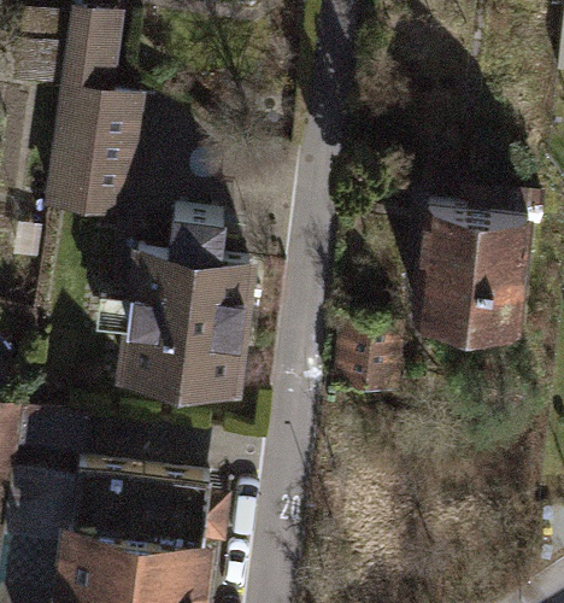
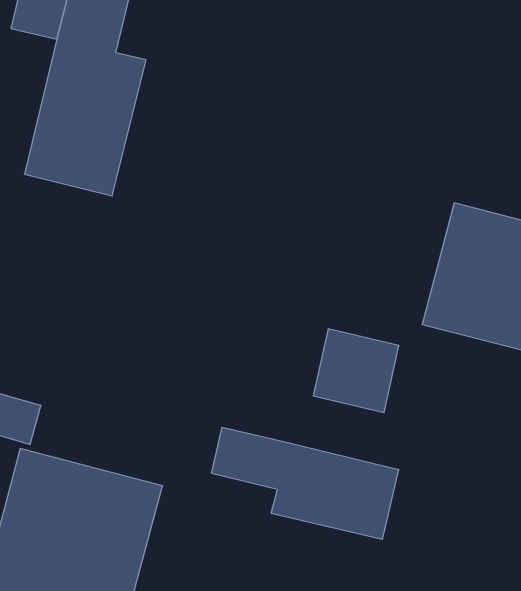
building: [93,229,252,406] -> none
building: none -> [212,427,399,539]

